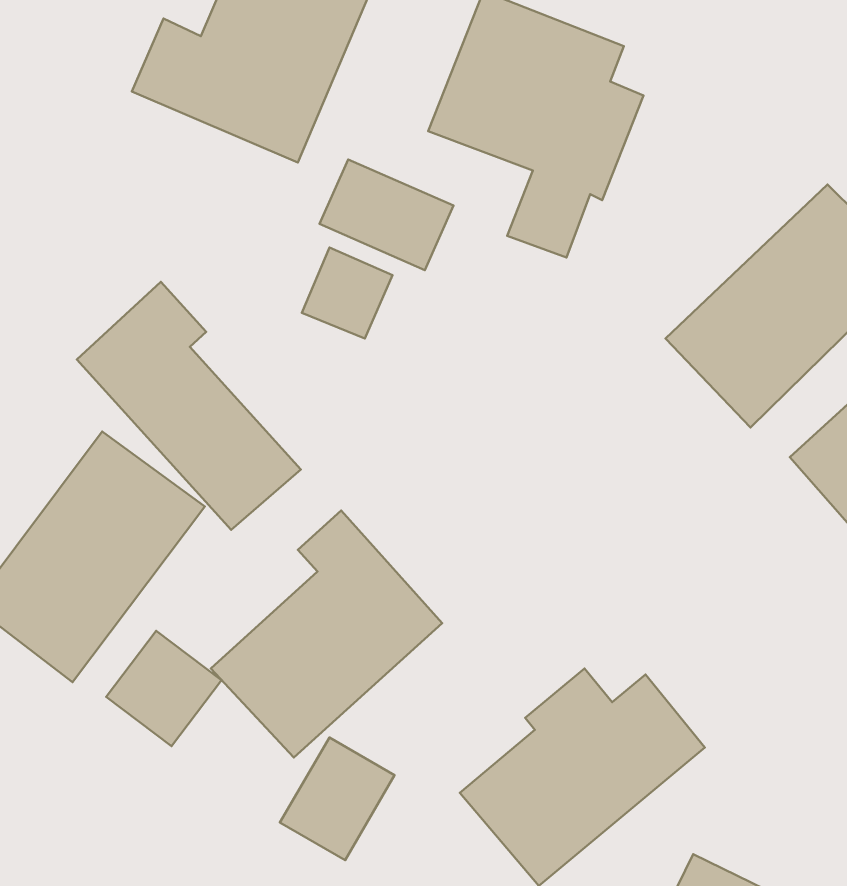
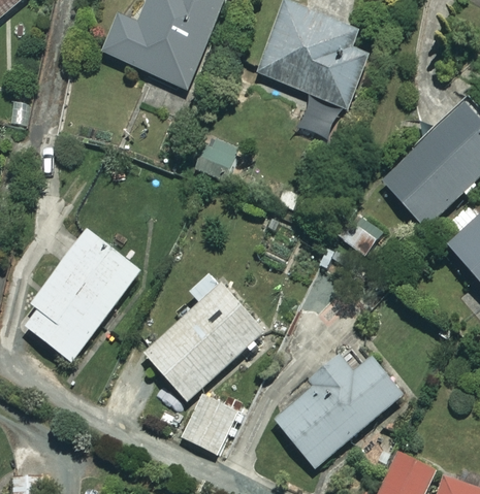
building: [319,159,454,270] -> none
building: [77,282,301,530] -> none
building: [106,631,221,746] -> none

